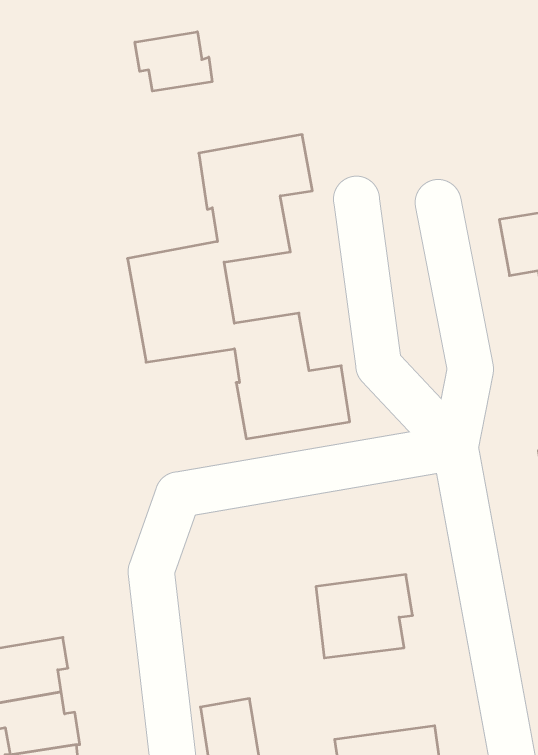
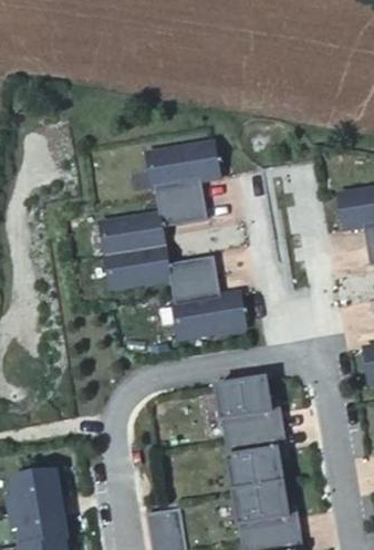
building: [135,32,212,91] -> none
building: none -> [215,372,282,436]
building: none -> [229,476,301,536]

